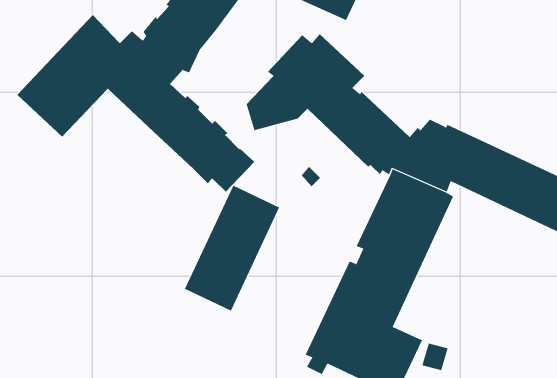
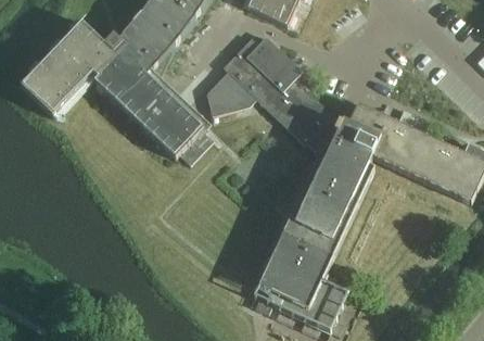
building: [184,185,280,311] -> none

